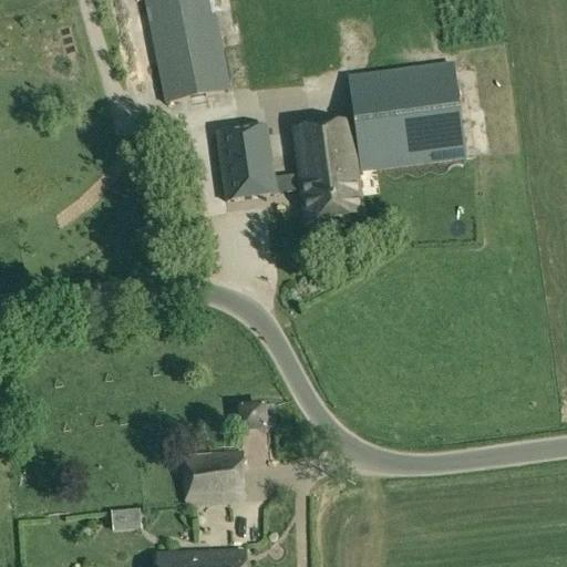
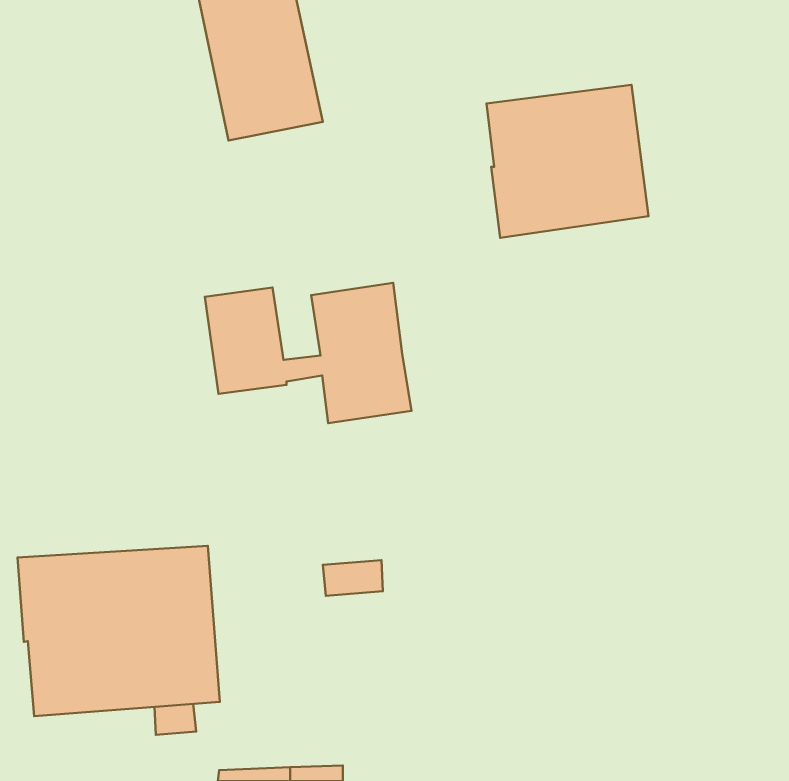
building: [217,120,365,220] -> [205,283,412,423]
building: none -> [18,546,220,716]
building: [184,450,246,506] -> none

